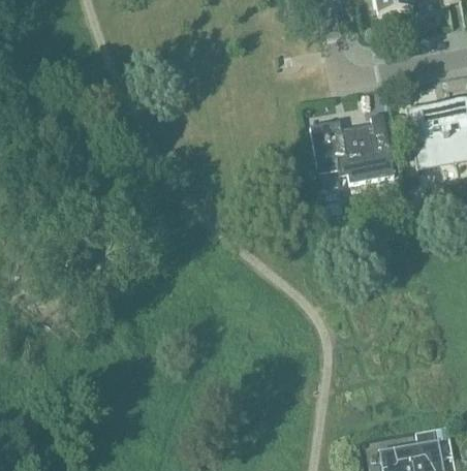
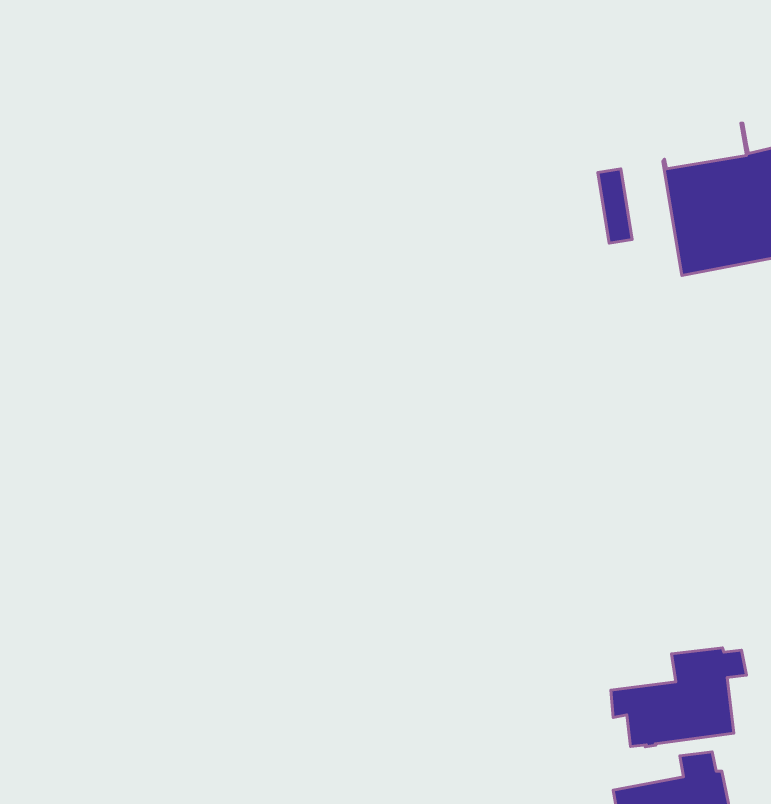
building: [311,121,377,176] -> none
building: none -> [611,648,747,747]

